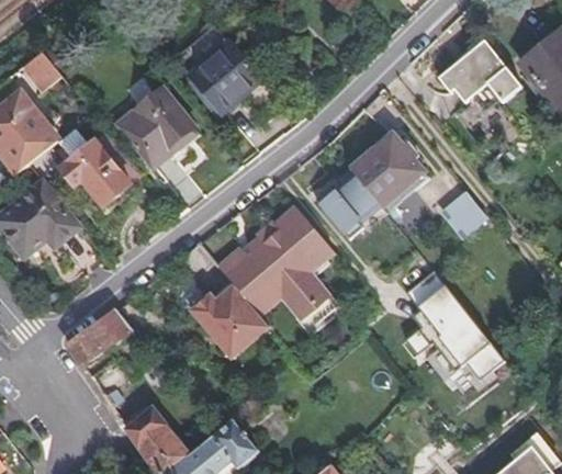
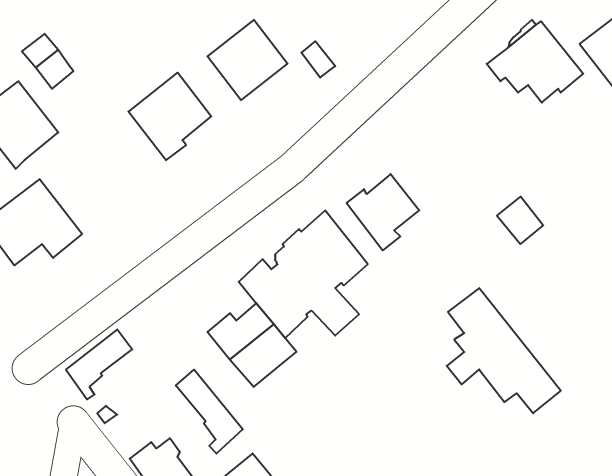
building: [61,125,144,203] -> none
building: [350,136,427,213] -> none
building: none -> [176,370,243,454]

